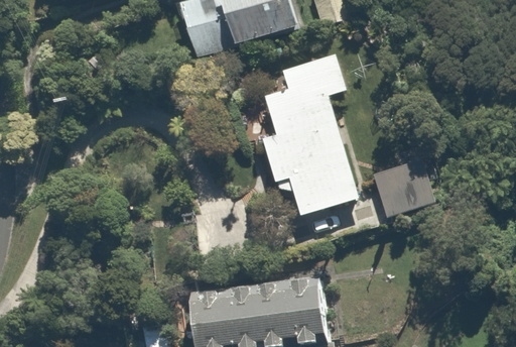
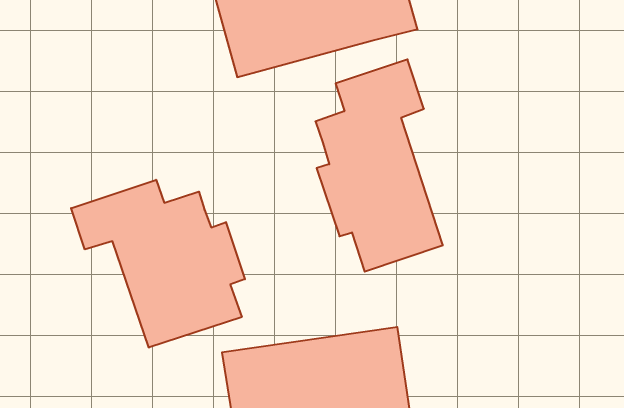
building: none -> [71,180,245,348]
building: [369,150,434,217] -> none

